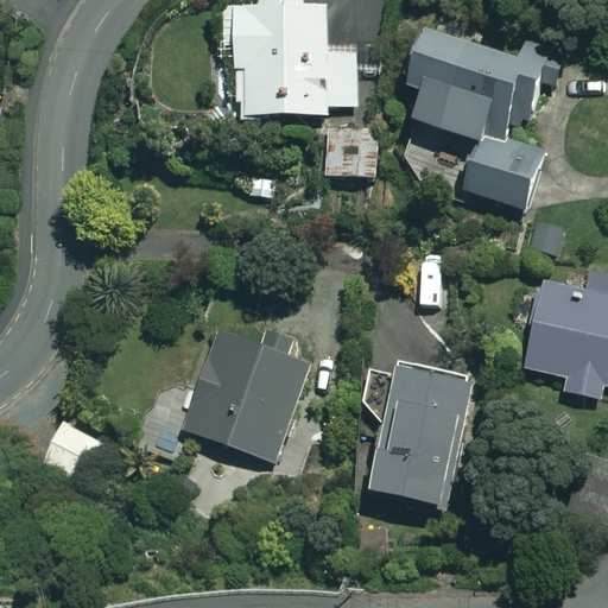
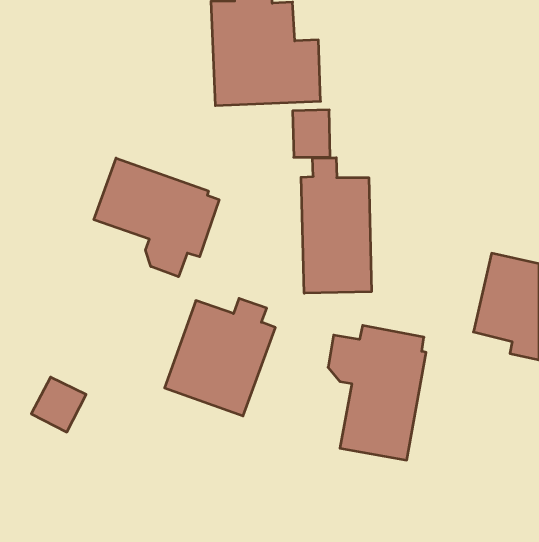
building: [419,32,551,210] -> none
building: none -> [301,158,371,293]
building: none -> [94,158,219,277]

